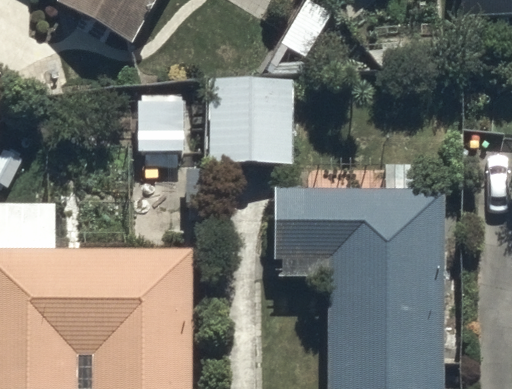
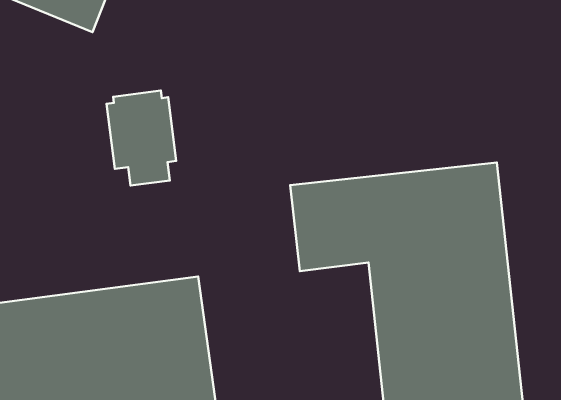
building: [206,75,293,162] -> none

